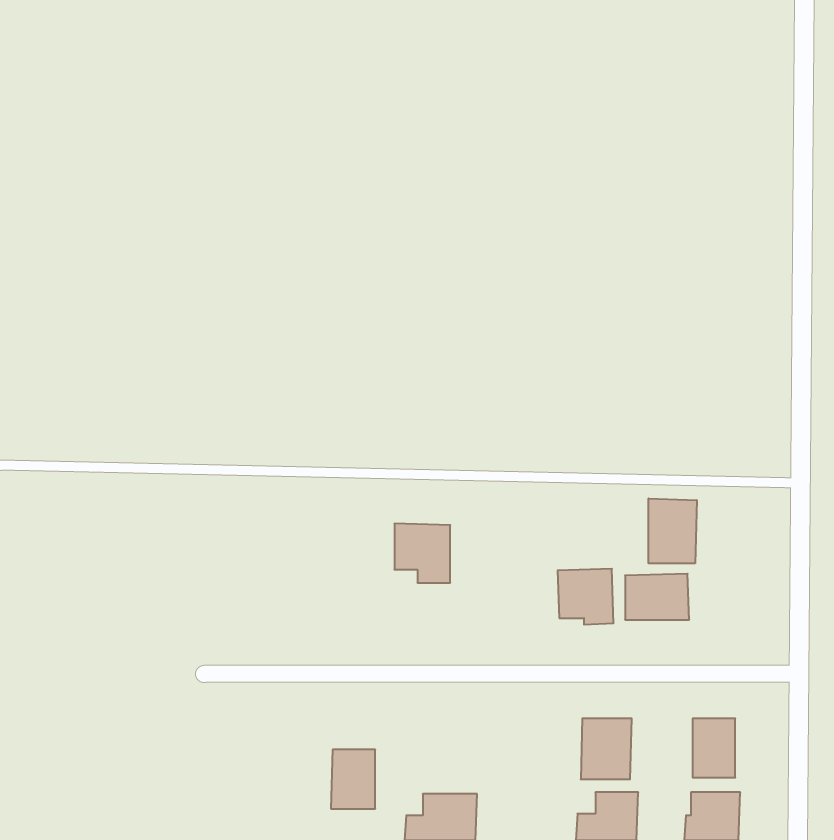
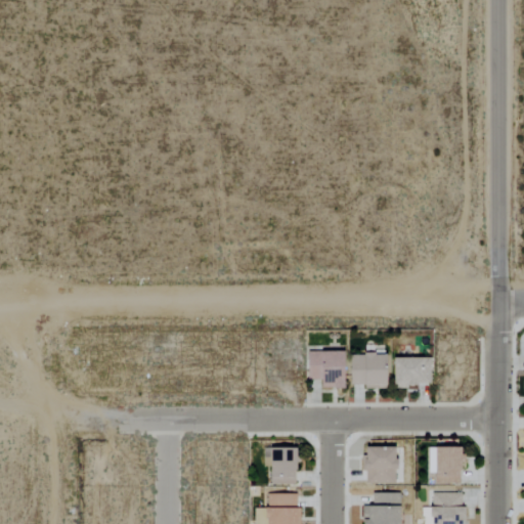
building: [649,498,697,563] -> none
building: [394,524,450,583] -> [308,351,343,388]
building: [331,750,375,809] -> [269,448,297,485]

